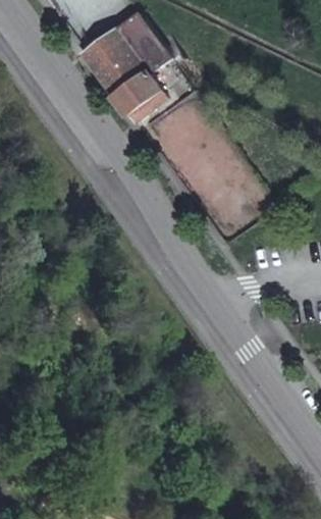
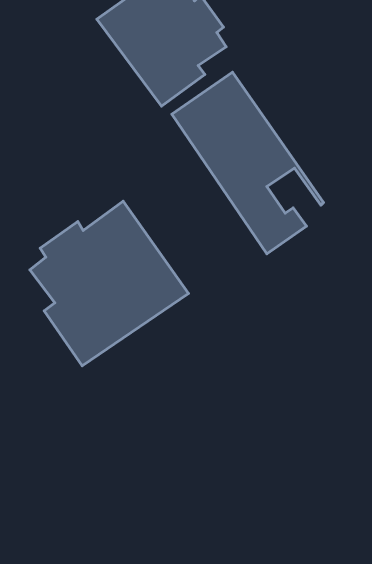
building: none -> [30,201,189,366]

